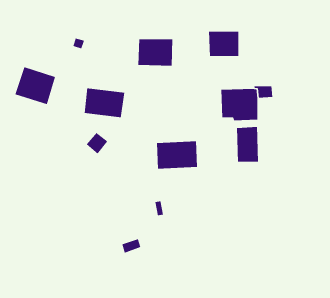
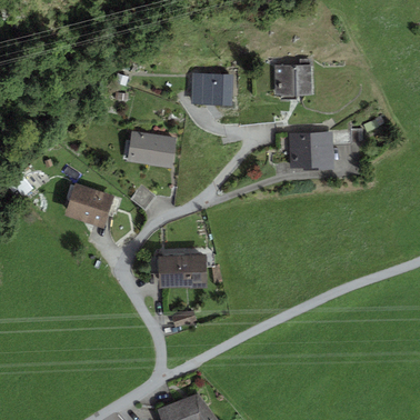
building: [14,66,56,105] -> [64,182,113,228]
building: [236,126,259,163] -> none
building: [156,141,198,169] -> [158,254,207,288]

